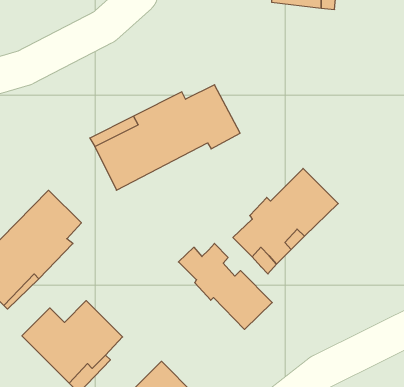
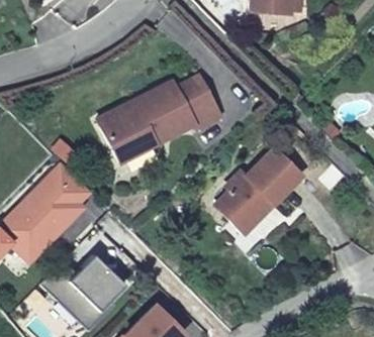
building: [178,243,272,329] -> none

